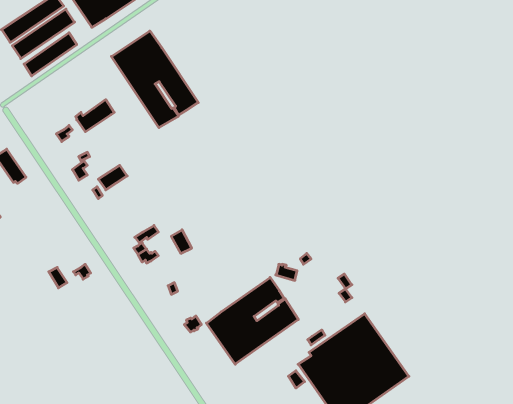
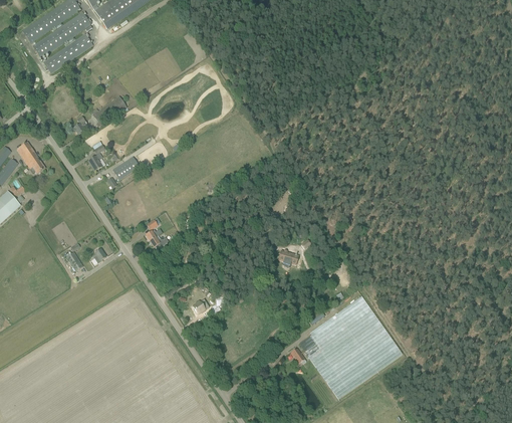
building: [111,31,198,128] -> none
building: [206,277,298,364] -> none

